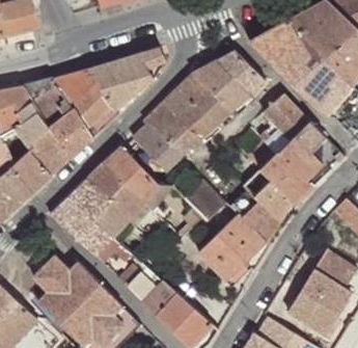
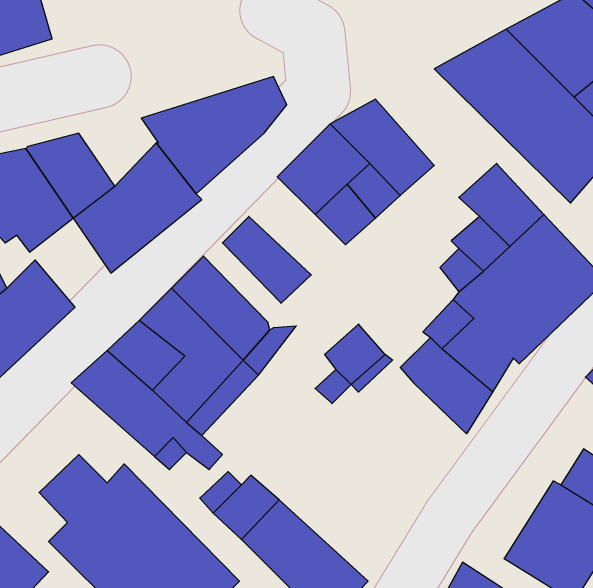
building: [217,50,266,96] -> none
building: [54,70,98,107] -> none
building: [145,102,200,156] -> none
building: [27,125,72,173] -> none
building: [198,215,267,282] -> none

